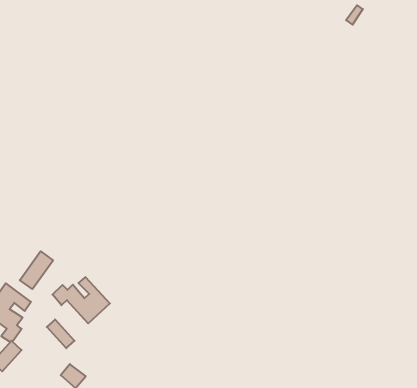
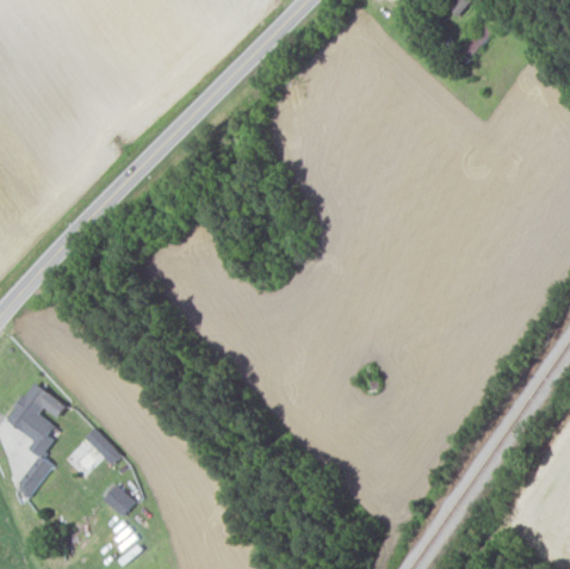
building: [20,251,53,289] -> none
building: [52,277,110,323] -> none

